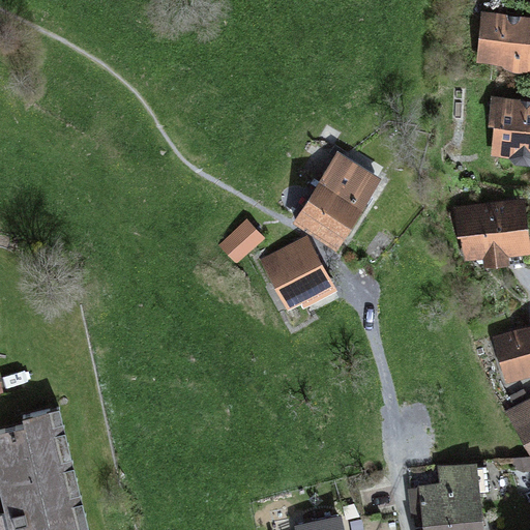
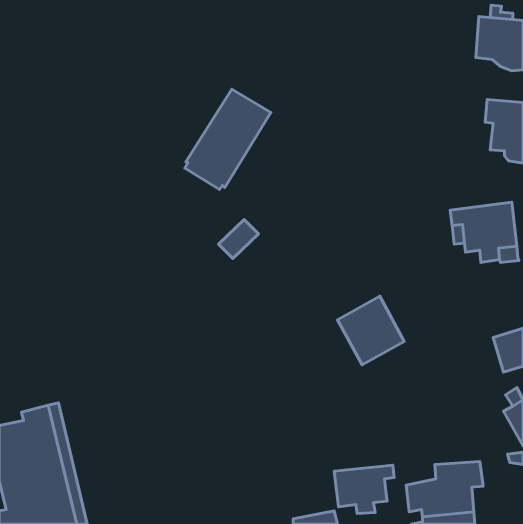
building: [296,144,383,245] -> [185,89,271,190]
building: [263,238,330,307] -> [338,296,404,365]
building: none -> [334,465,394,514]

